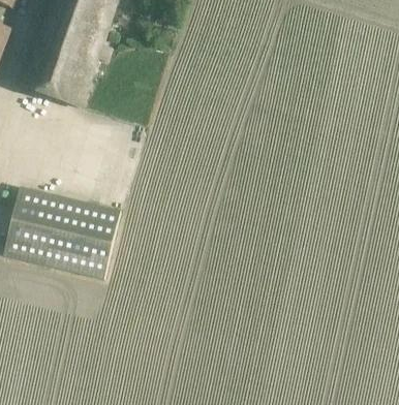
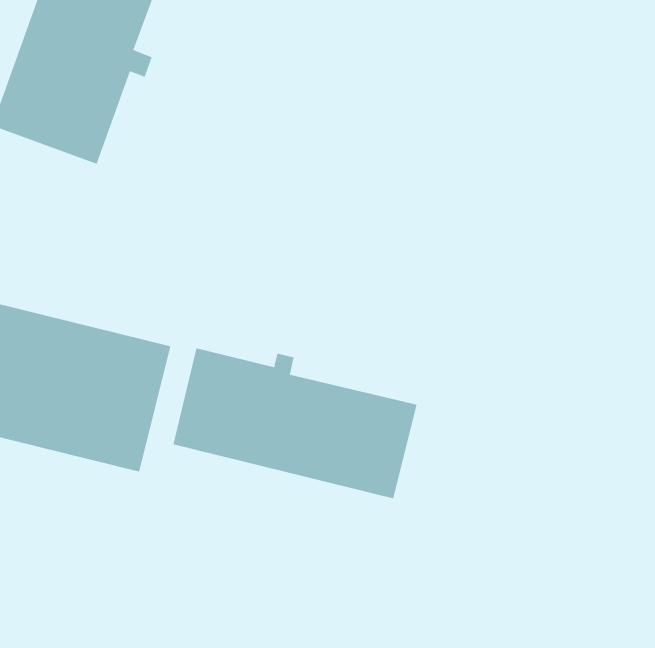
building: none -> [173,347,417,499]

